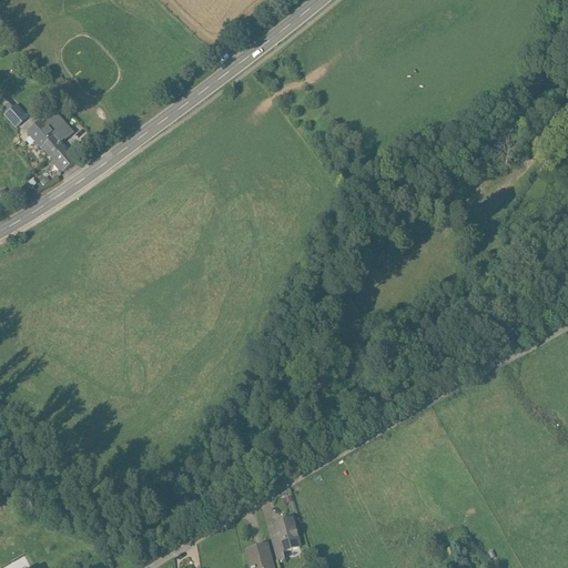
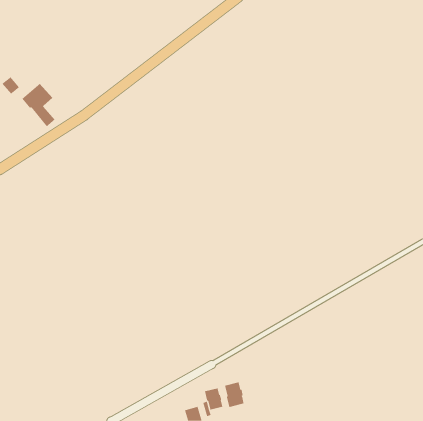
building: none -> [225,382,244,408]

